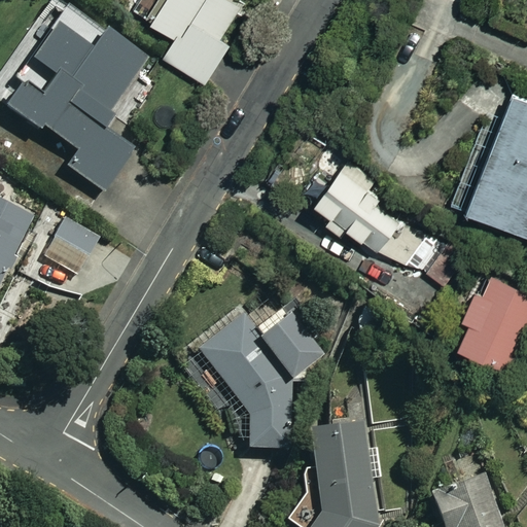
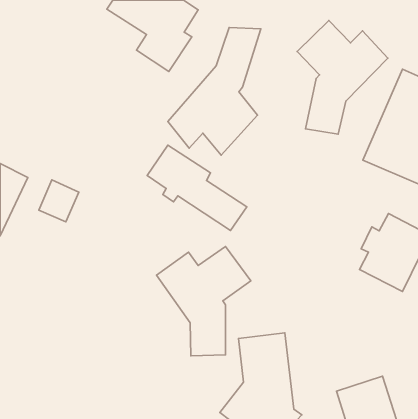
building: [11,14,151,200] -> none
building: none -> [297,20,388,134]
building: none -> [168,28,261,155]
building: [305,160,429,267] -> [147,145,247,231]

